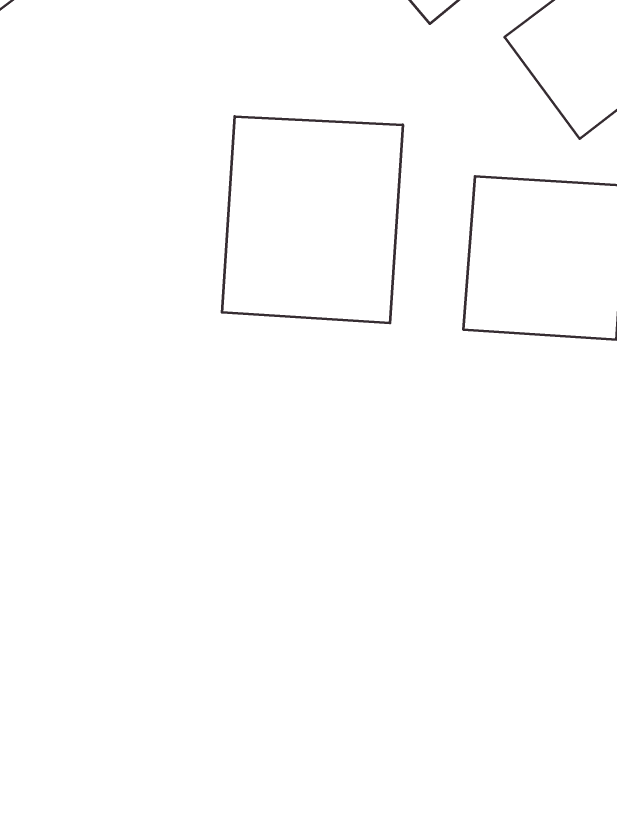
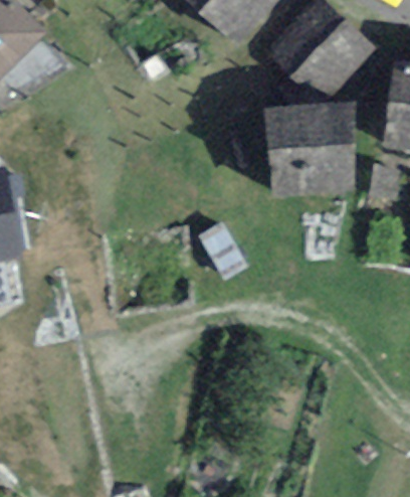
building: [222,116,403,323] -> none

